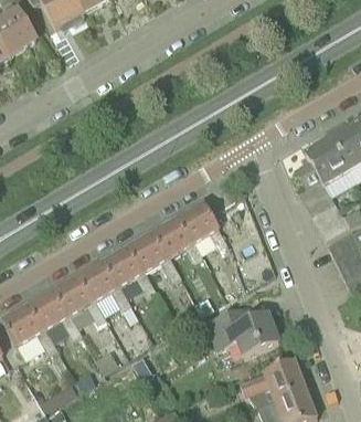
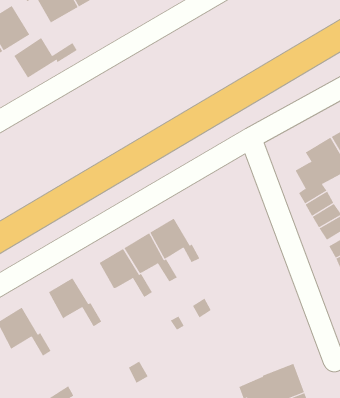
building: none -> [14,37,77,79]
building: [177,201,226,247] -> none
building: [77,261,130,309] -> none
building: [28,289,82,338] -> none
building: [203,309,277,356] -> none

